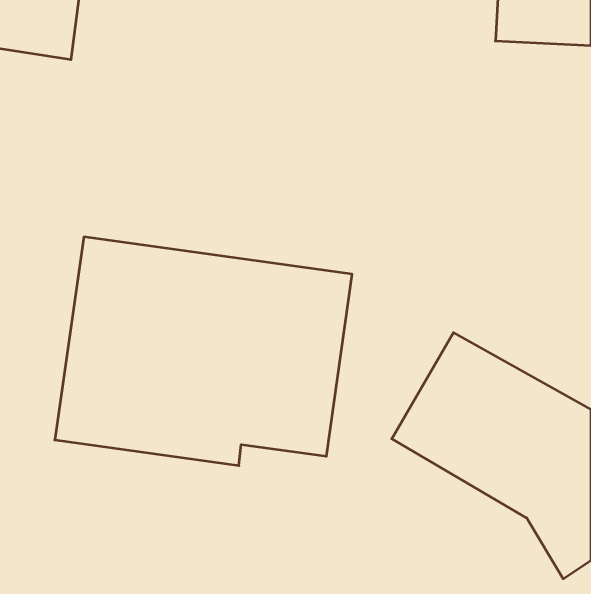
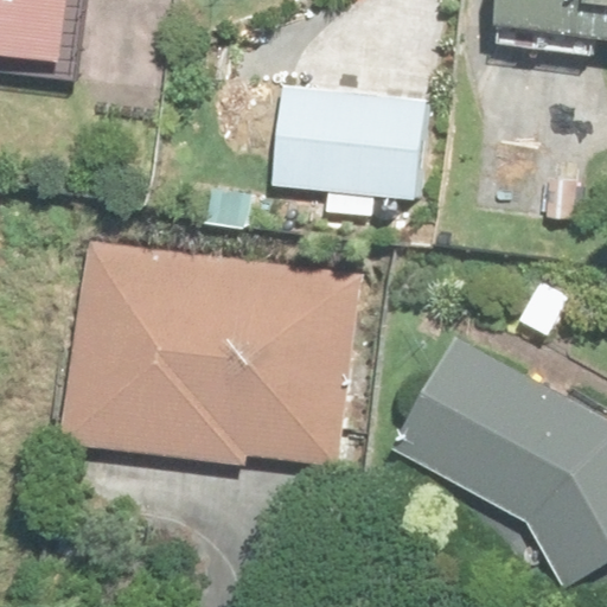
building: none -> [273,88,433,202]

